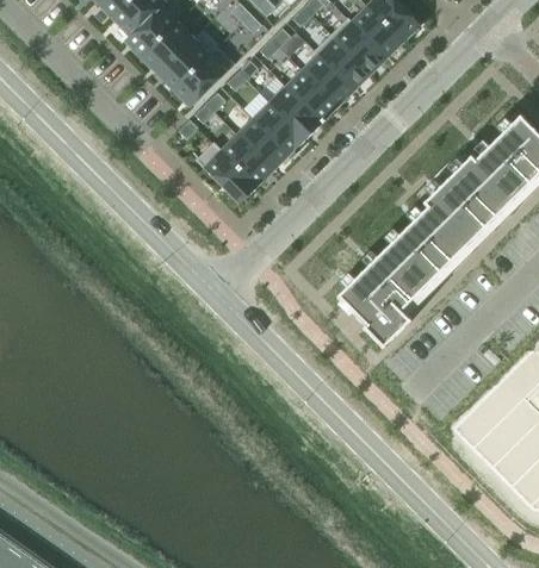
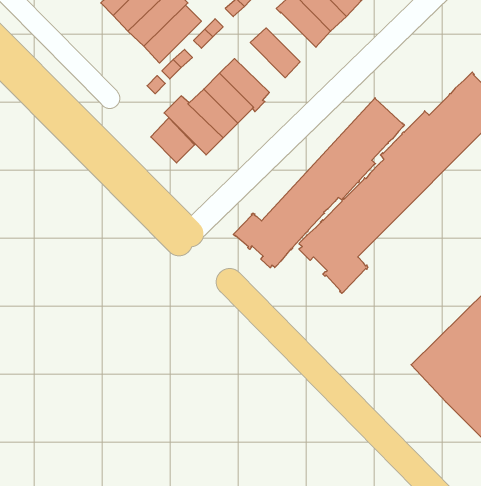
building: [303,54,355,106] -> none
building: [270,86,323,138] -> none
building: none -> [233,98,404,268]
building: none -> [151,118,195,163]

